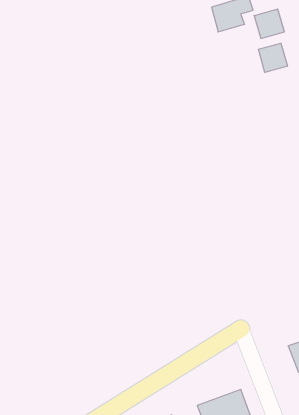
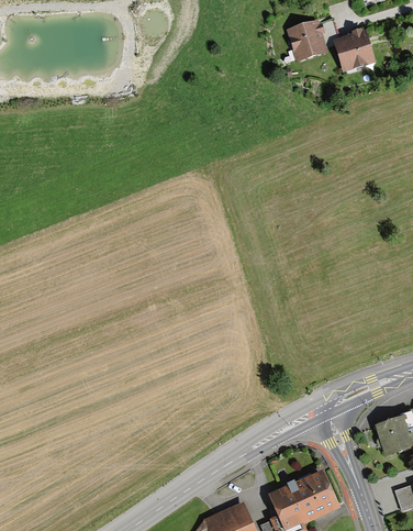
building: [258,43,287,72] -> none

